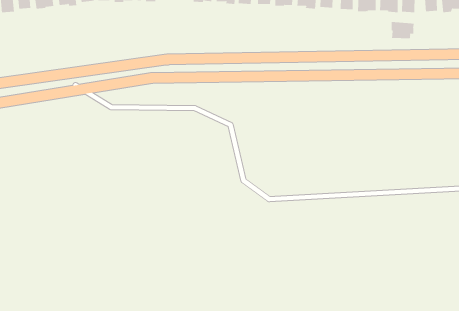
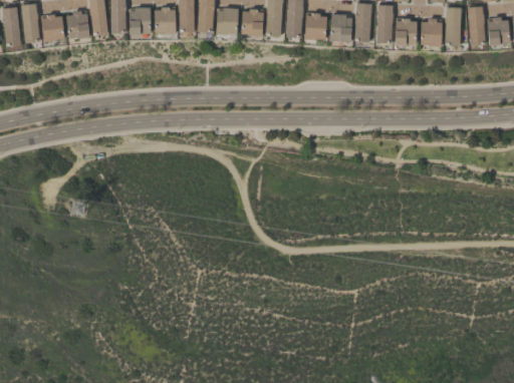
building: [391,21,414,39] -> none

